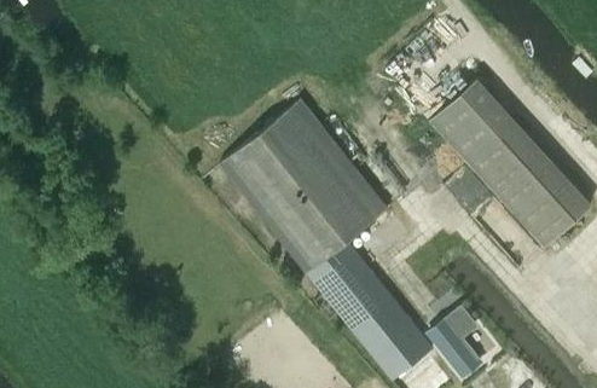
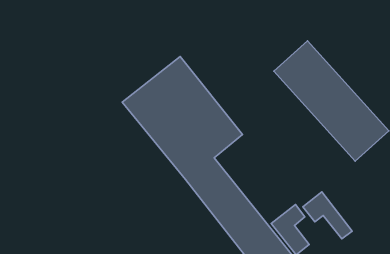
building: none -> [303,192,352,239]

